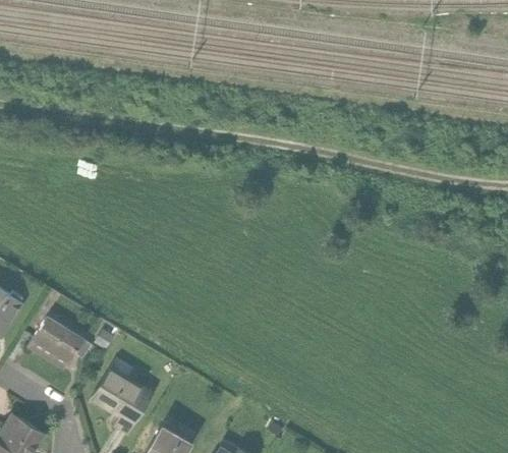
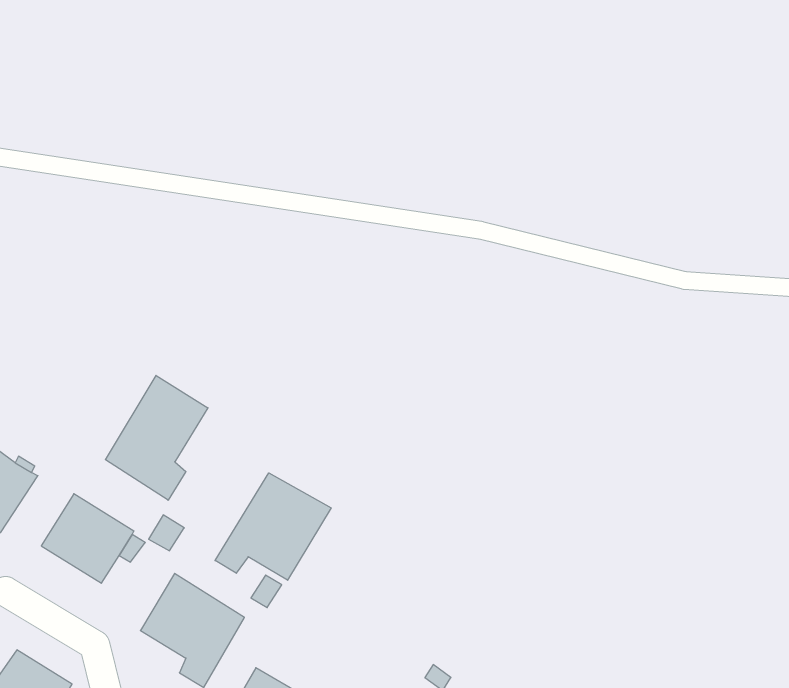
building: none -> [105,375,208,500]
building: none -> [215,473,331,580]

